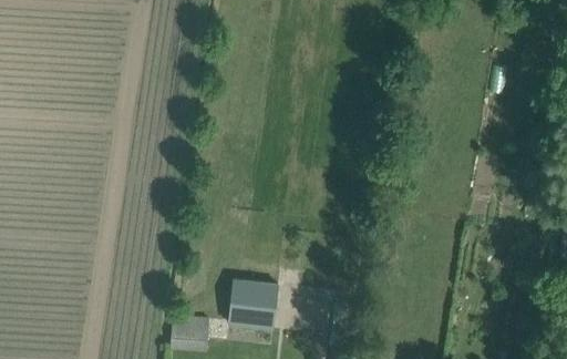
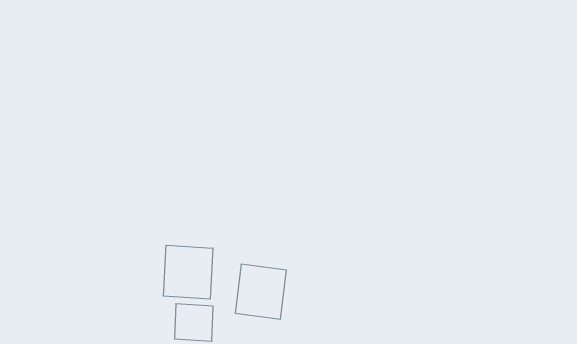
building: none -> [163,245,213,299]

